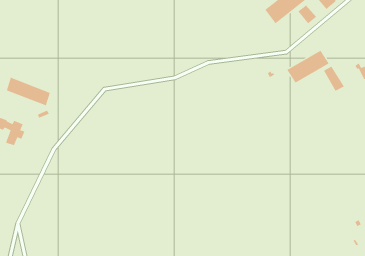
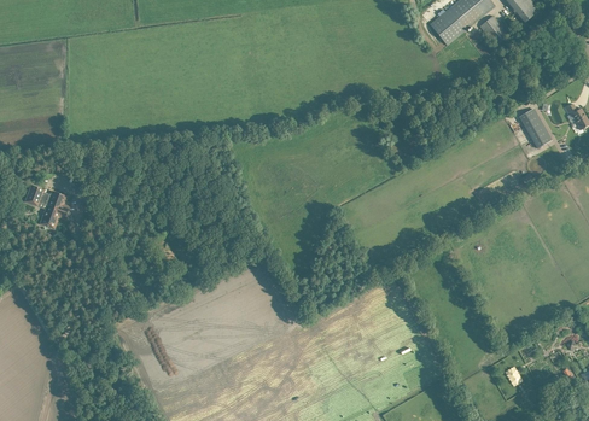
building: [286,50,329,84] -> none
building: [6,77,51,106] -> none

